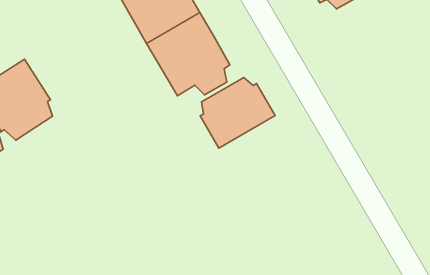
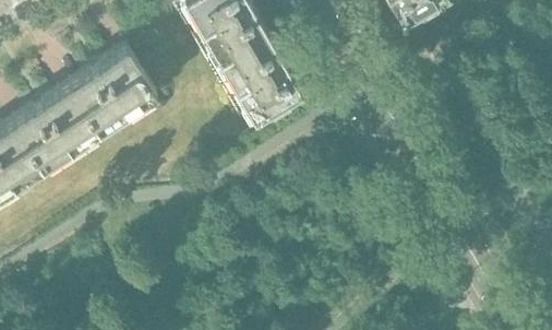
building: none -> [65,44,154,137]
building: [200,78,275,148] -> none

